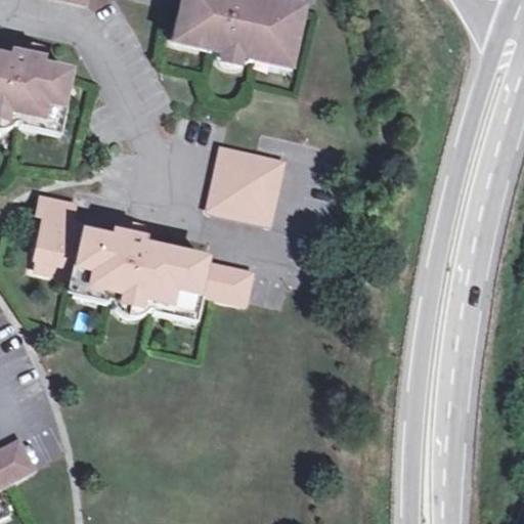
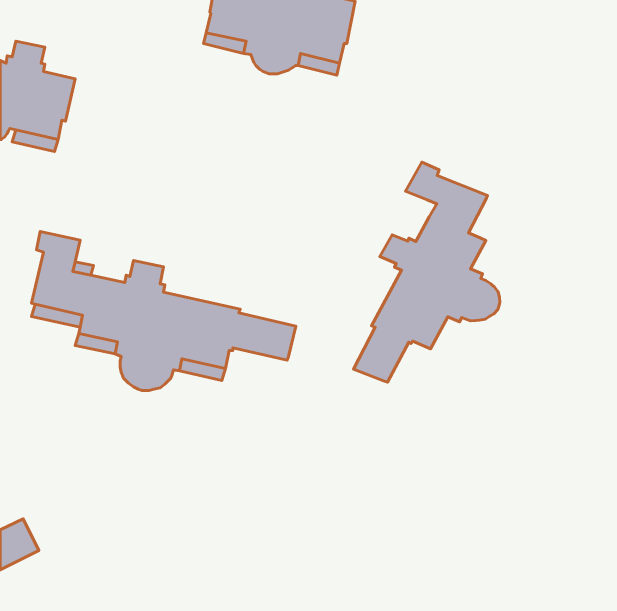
building: none -> [353,162,500,382]
building: [209,146,285,222] -> none

